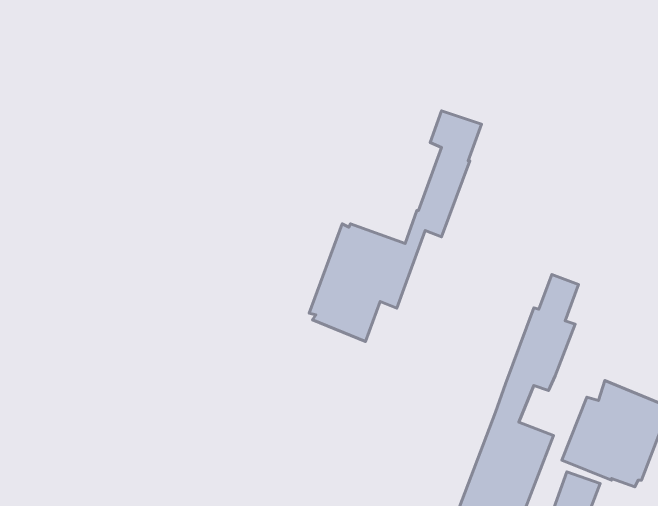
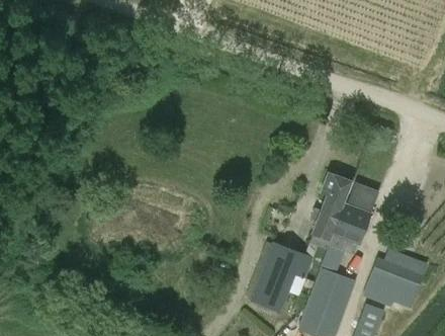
building: [309,111,481,341] -> [247,172,352,313]

